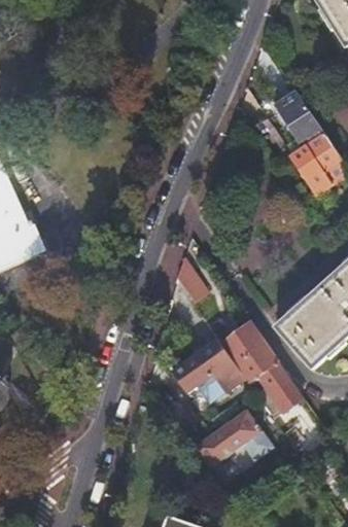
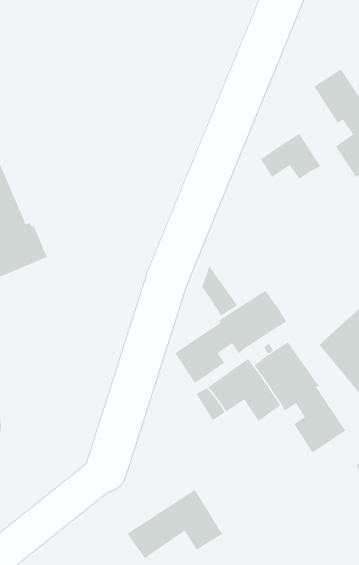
building: none -> [260,133,321,180]
building: none -> [174,290,287,384]
building: [192,408,274,467] -> [127,489,223,559]

